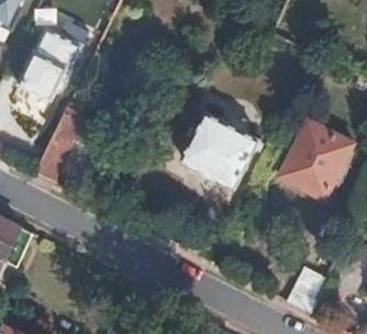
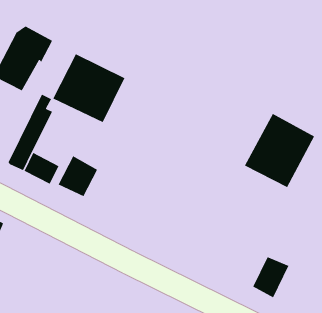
building: [181,113,257,186] -> [52,53,126,123]
building: none -> [57,155,98,197]

